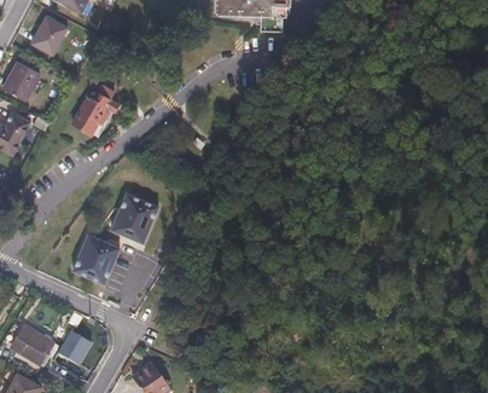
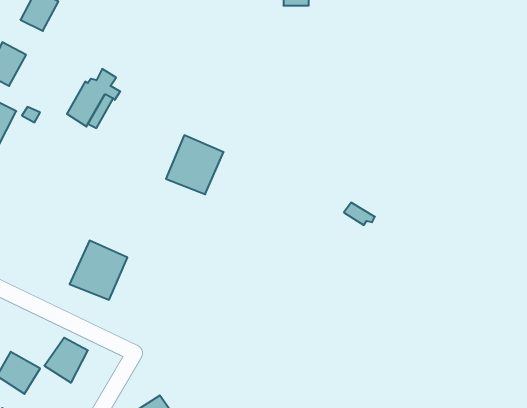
building: [116,189,165,239] -> [166,135,224,194]

